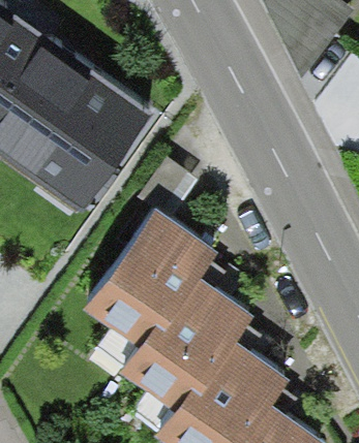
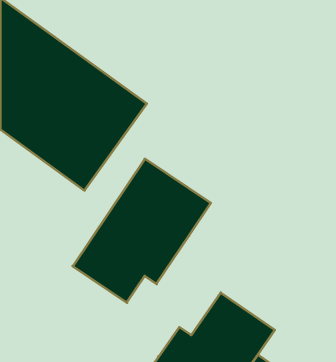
building: [119,270,251,397] -> none

